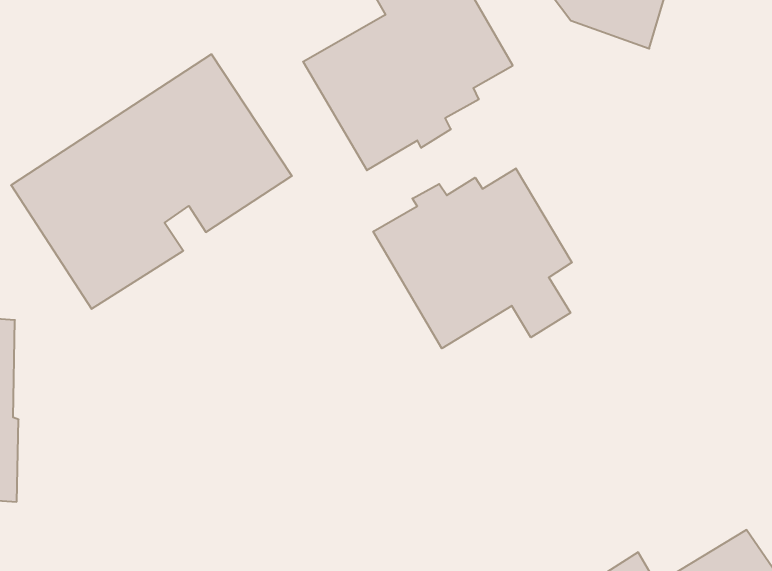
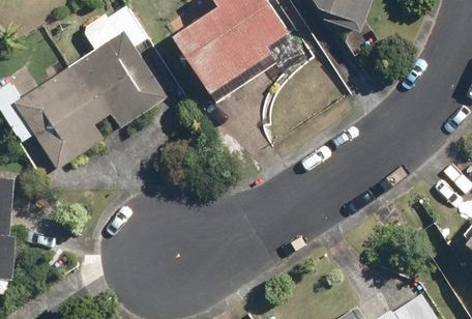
building: [373,168,572,348] -> none

